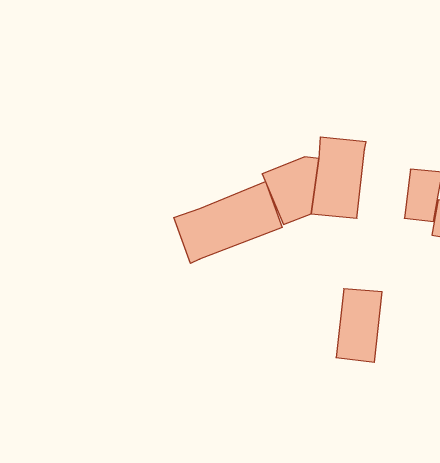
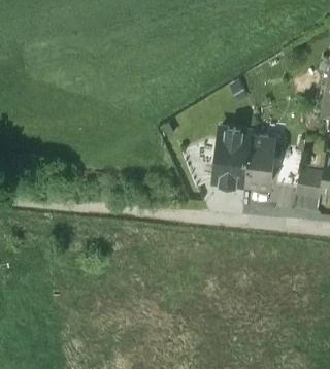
building: [174,181,282,263] -> none
building: [336,289,382,362] -> [246,138,277,188]

